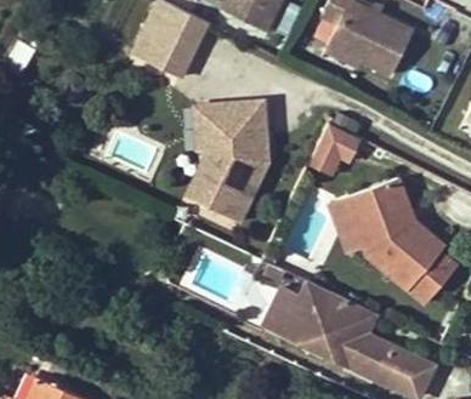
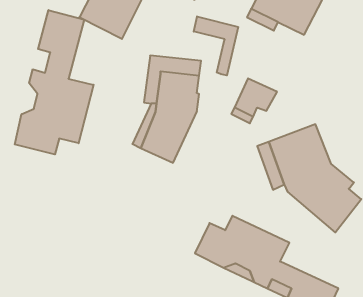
building: none -> [15,10,94,154]
building: none -> [194,16,238,75]

